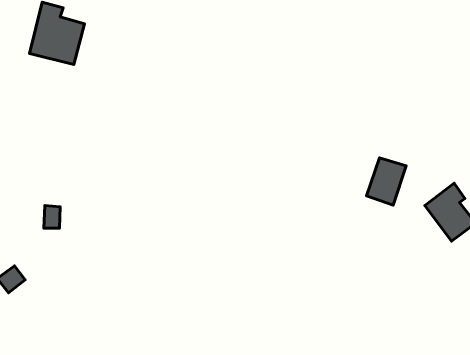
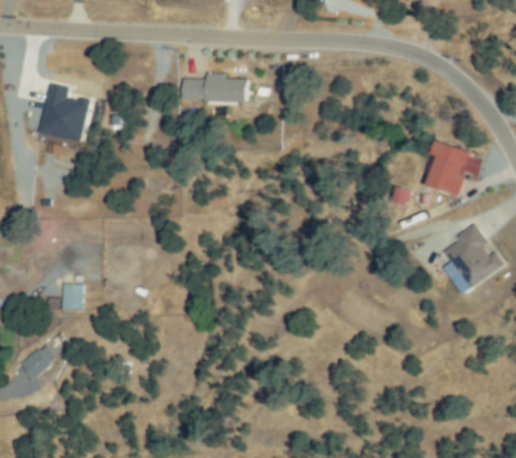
building: none -> [185,75,244,103]
building: [367,158,406,205] -> [429,146,466,192]

